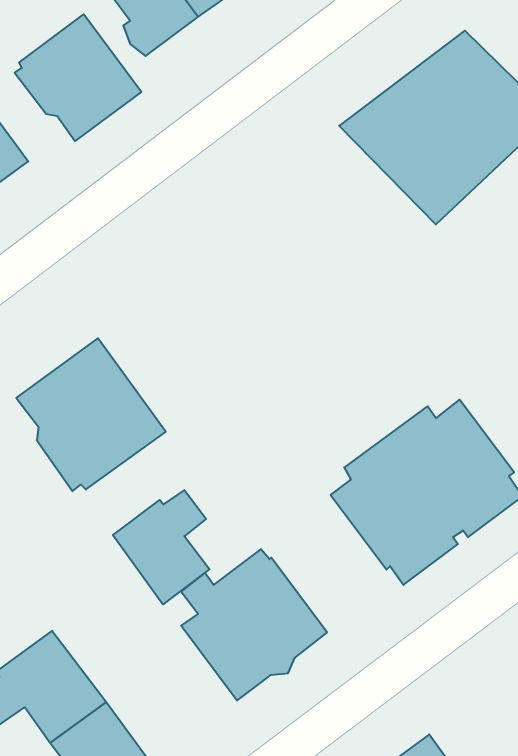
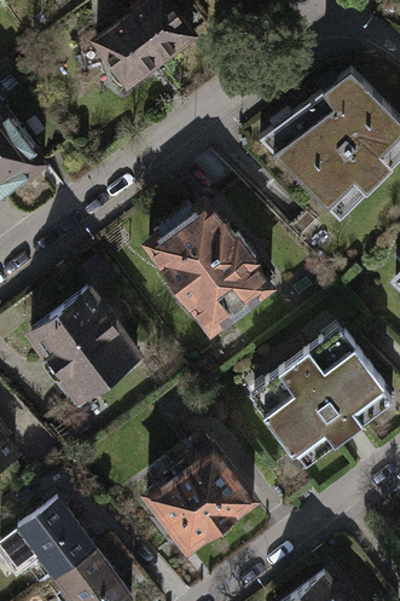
building: [15,14,141,141] -> none
building: none -> [146,200,271,331]
building: [113,490,210,604] -> none

